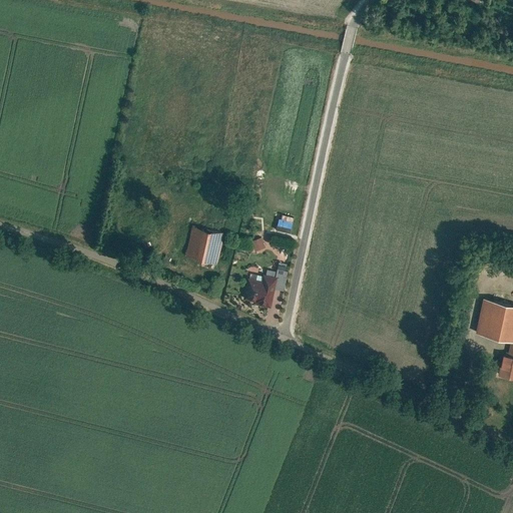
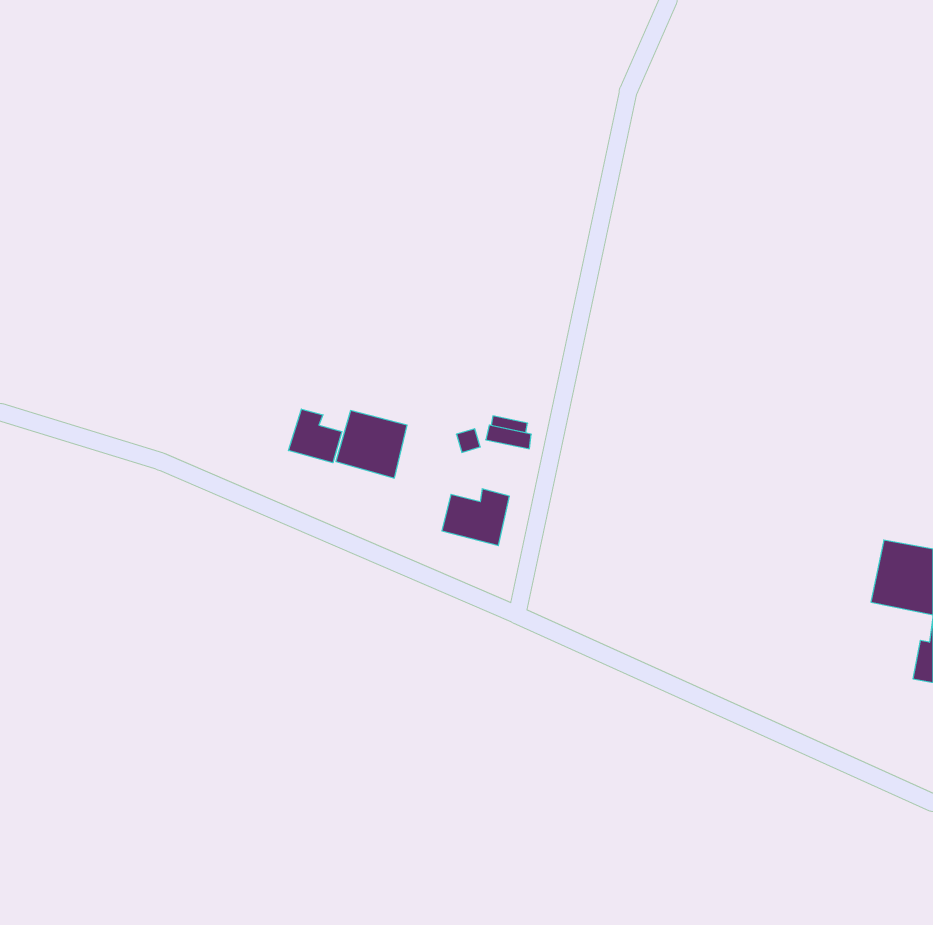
building: none -> [289,409,342,463]

